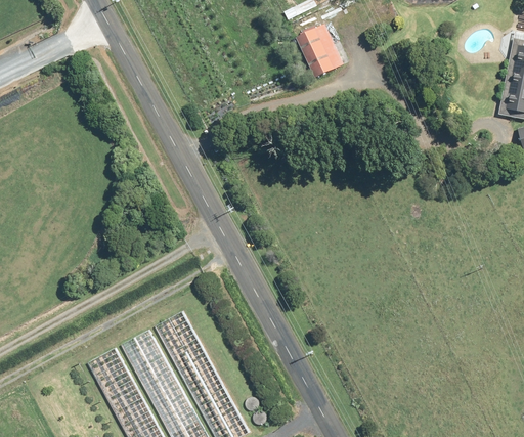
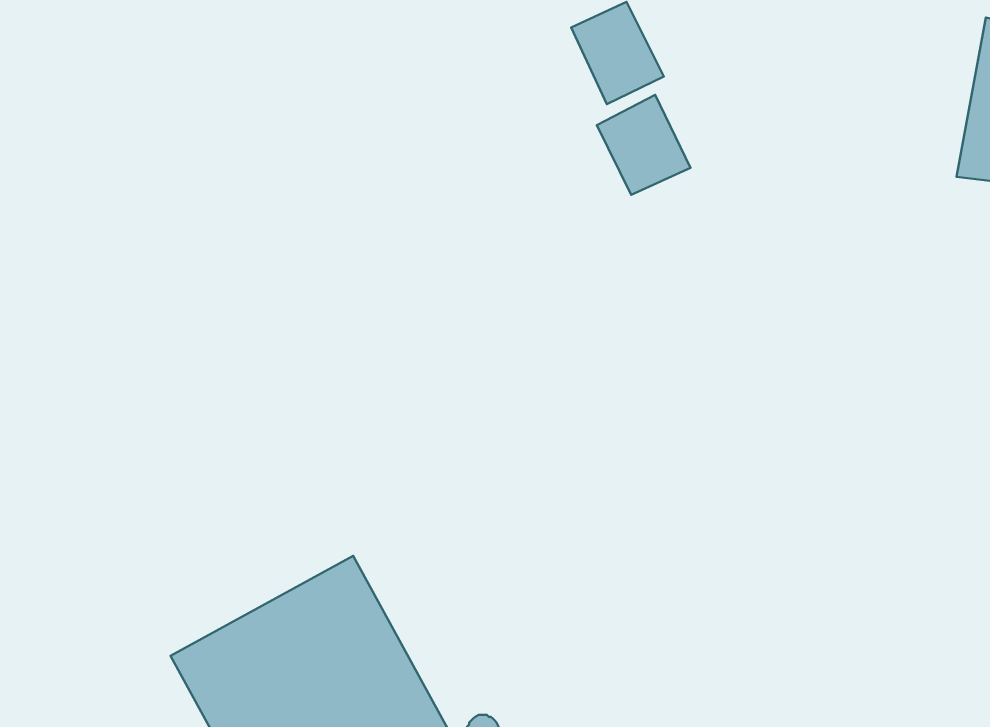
building: none -> [597,95,691,195]

